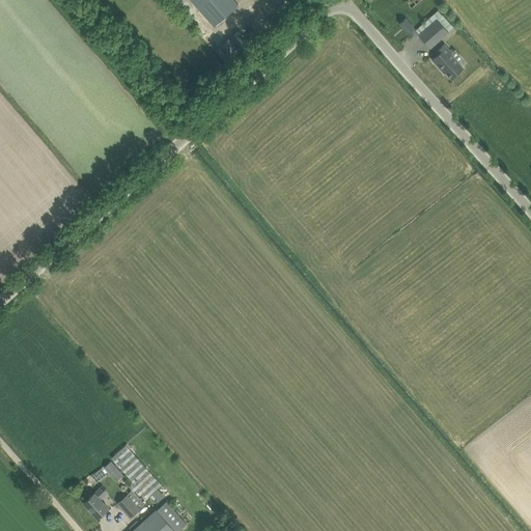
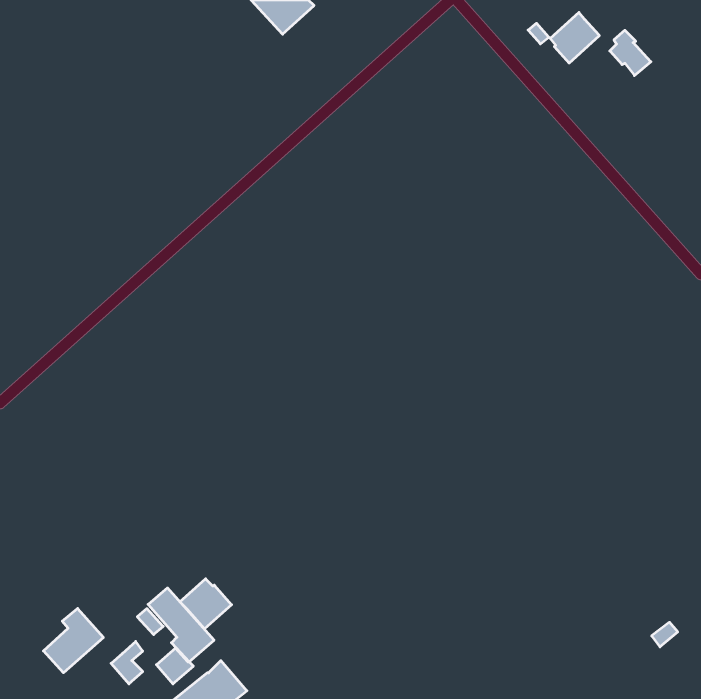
building: [432,45,464,79] -> [610,30,651,76]
building: none -> [180,579,232,629]
building: none -> [43,608,103,673]

